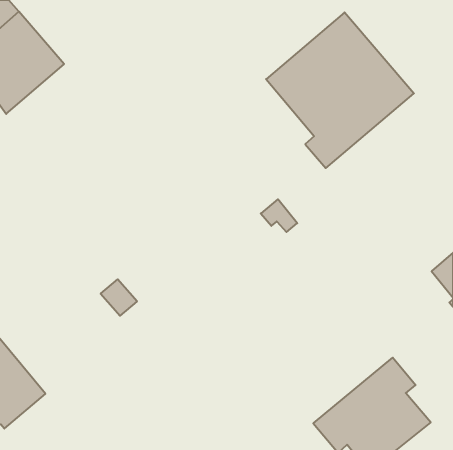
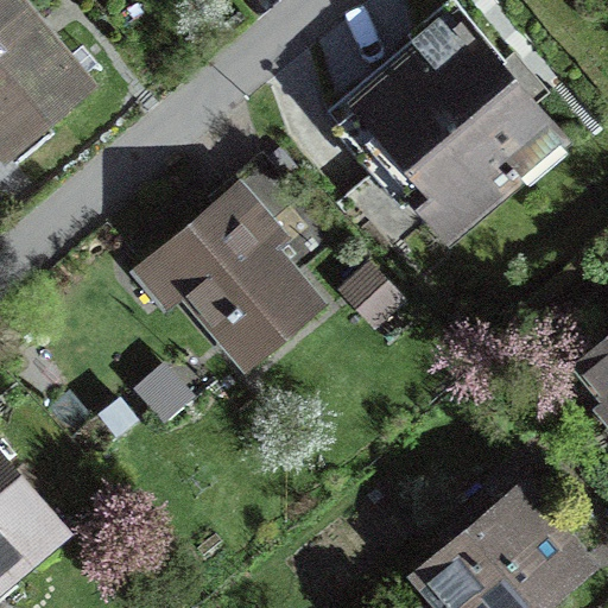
building: none -> [157,166,334,367]

